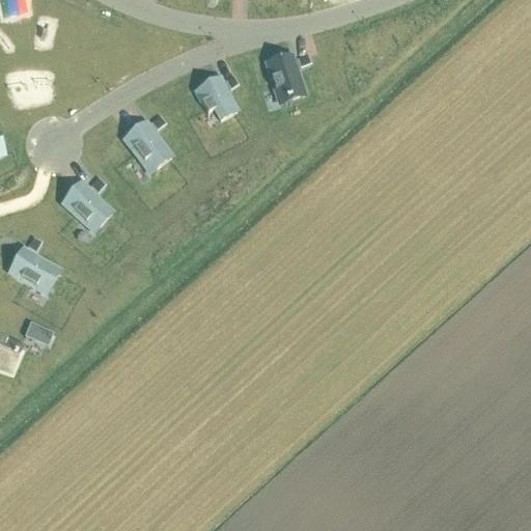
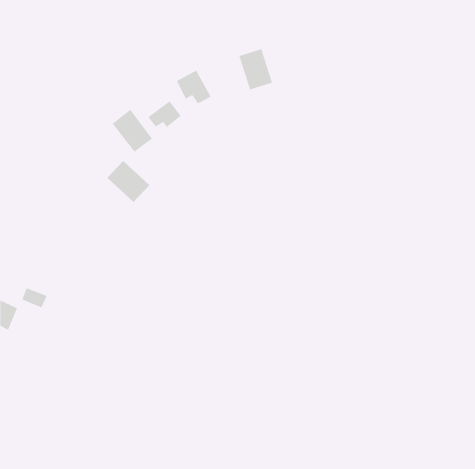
building: none -> [148,100,181,128]
building: [62,181,111,229] -> [106,160,150,203]
building: [9,247,58,291] -> none

